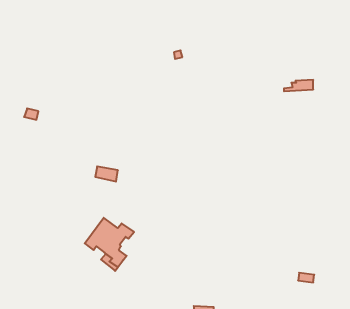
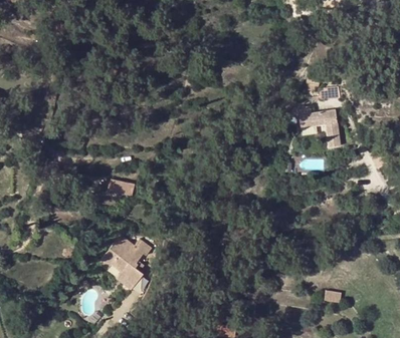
building: none -> [298,105,340,147]

